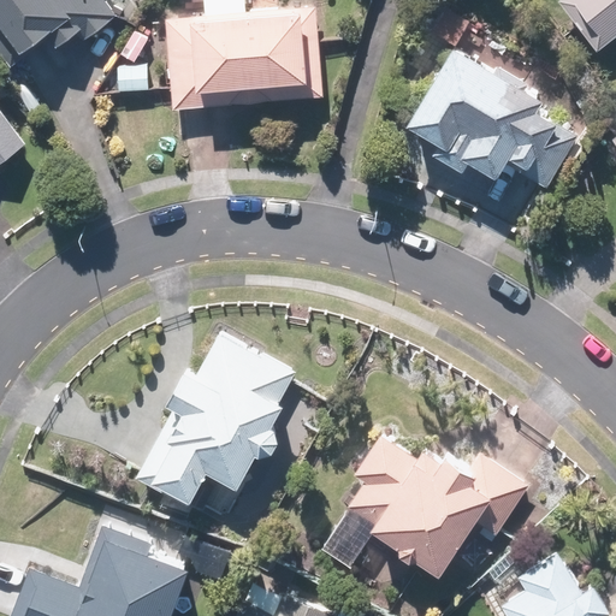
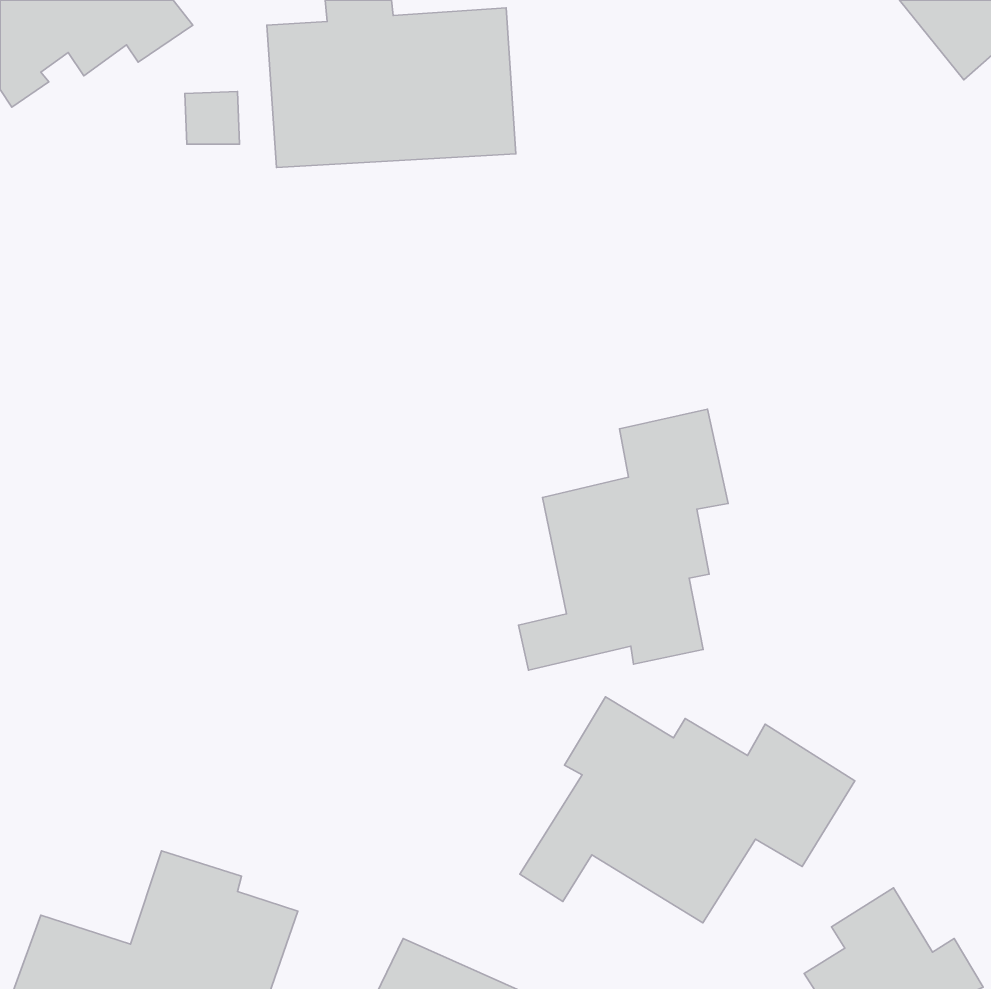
building: [407,48,576,189] -> none
building: none -> [518,409,728,670]
building: [140,336,296,504] -> none

